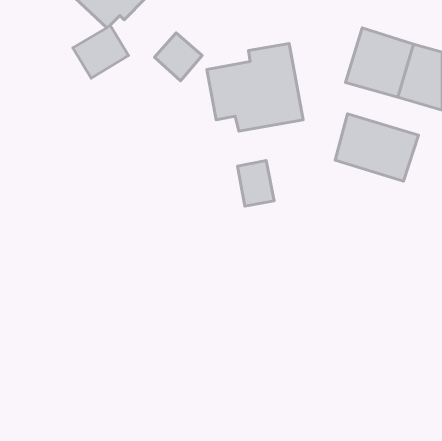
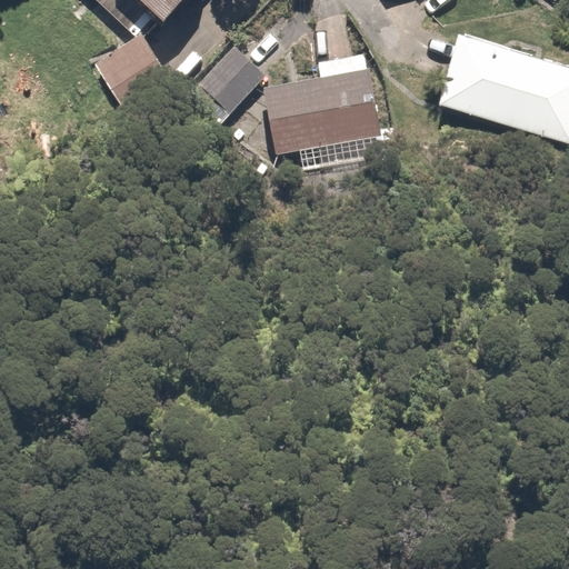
building: [335,114,419,181] -> none
building: [238,160,274,206] -> none

